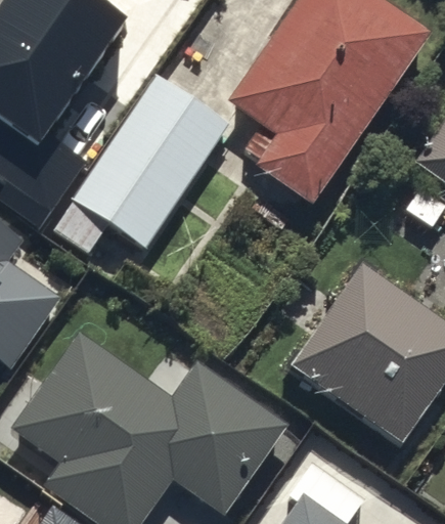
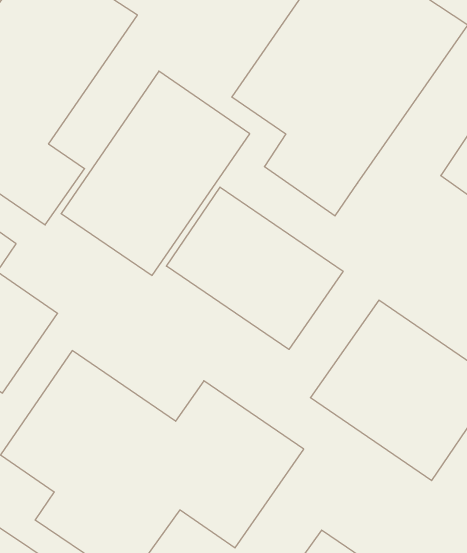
building: none -> [166,187,343,349]

